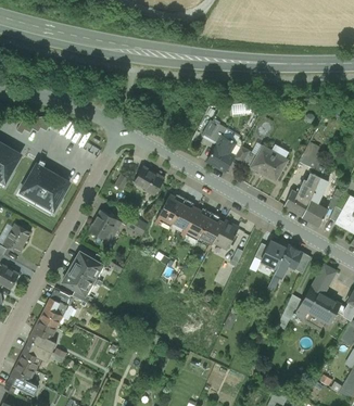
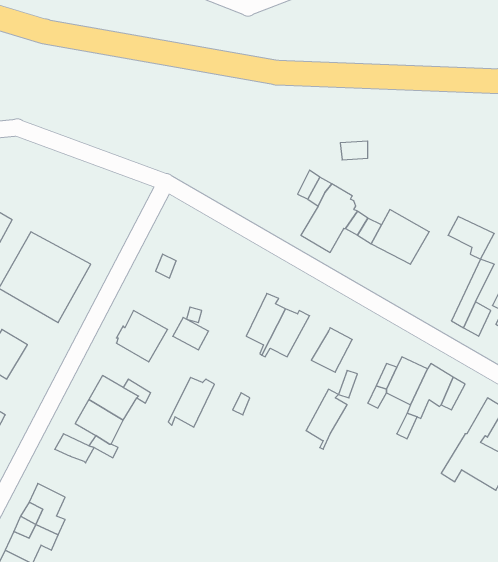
building: [134,165,165,195] -> none
building: [285,172,320,216] -> none
building: [155,194,185,226] -> [168,377,214,427]
building: [198,213,224,251] -> [306,389,347,449]
building: [39,297,68,328] -> none

